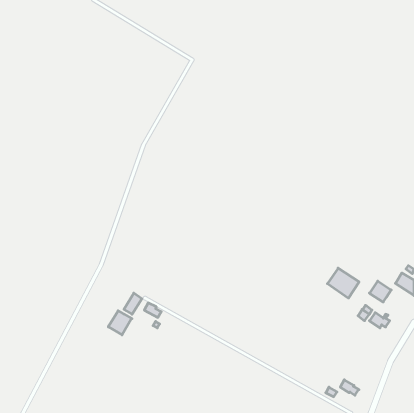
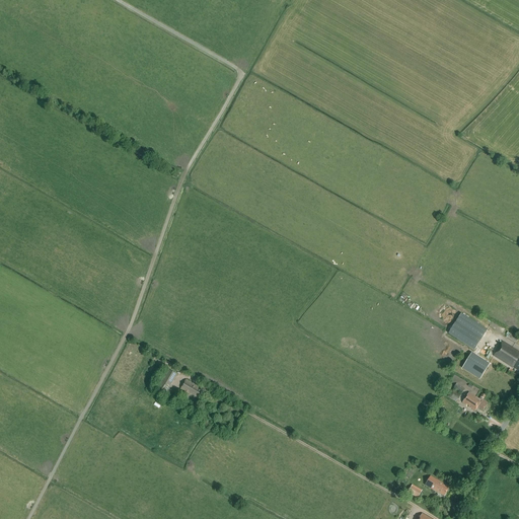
building: [327,268,359,298] -> [448,312,488,350]
building: [108,311,132,335] -> none

